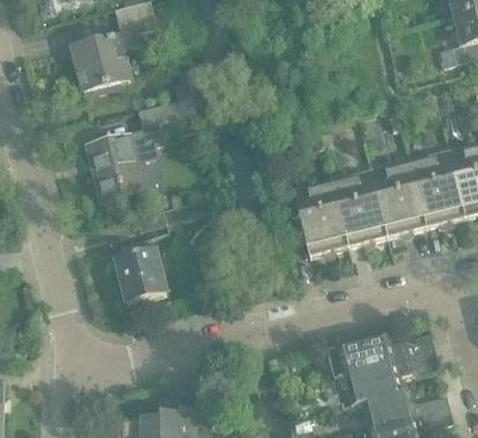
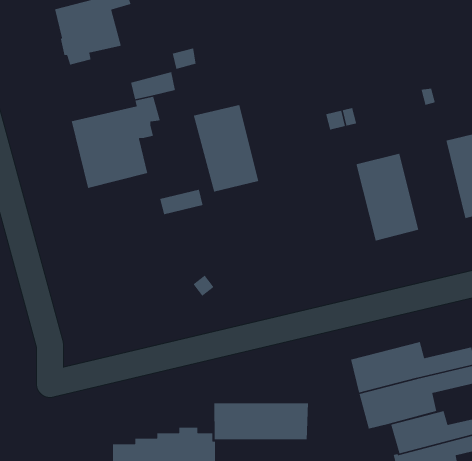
building: [370,159,426,237] -> none
building: [291,180,348,256] -> [193,104,259,193]
building: [116,238,166,302] -> none
building: none -> [214,402,309,440]

